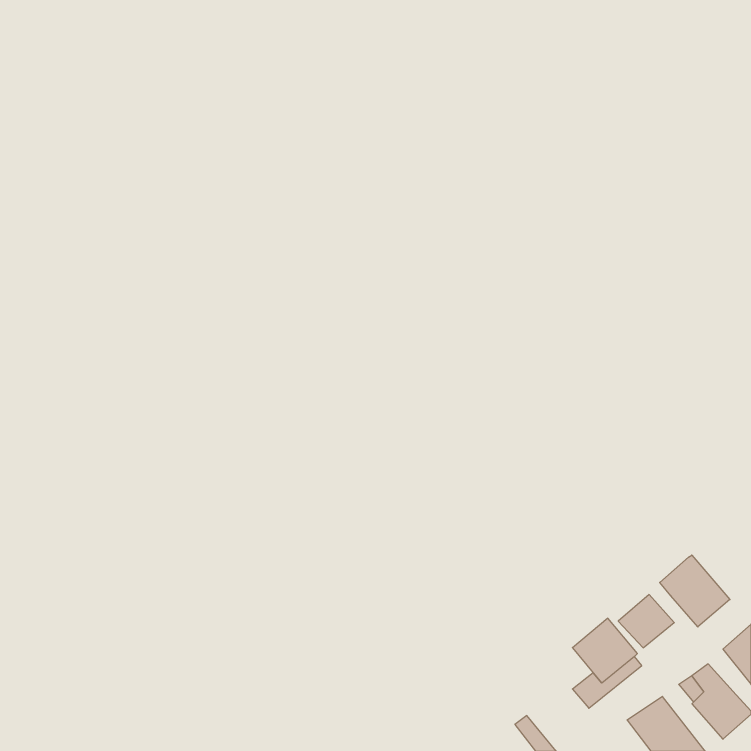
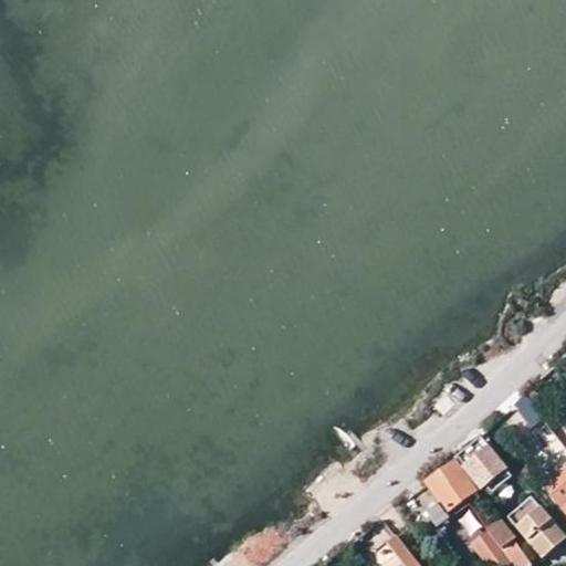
building: [660,555,730,627] -> none

